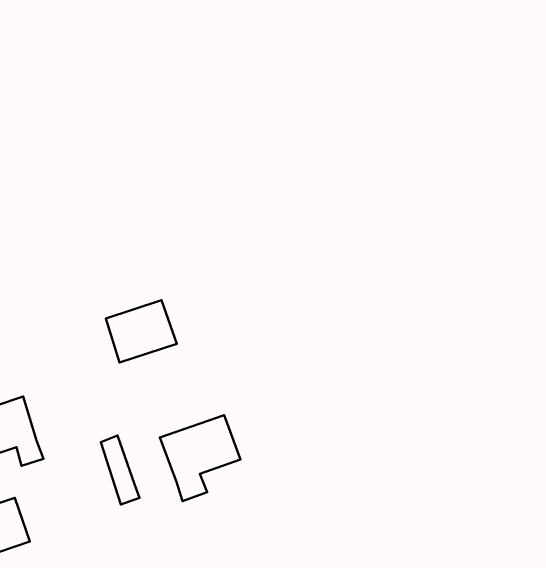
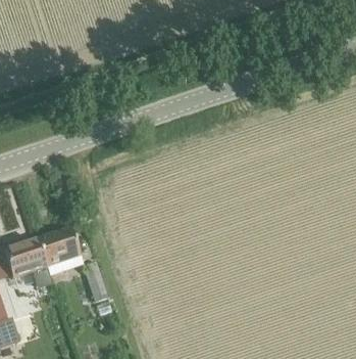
building: [106,300,177,362] -> [33,232,75,270]
building: [160,415,241,501] -> none

